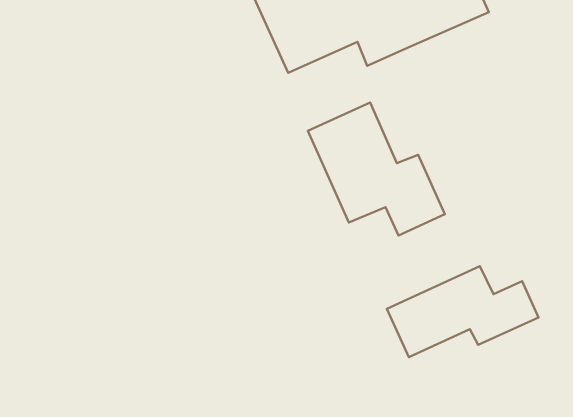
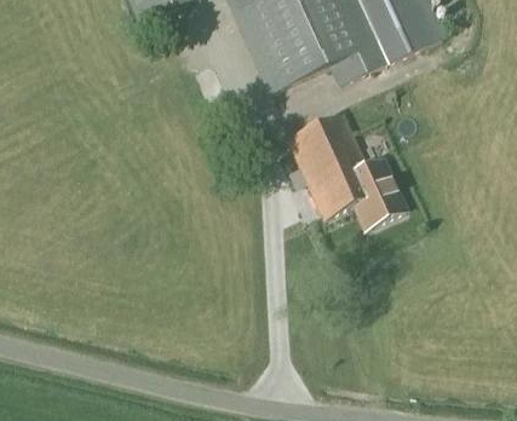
building: [387,266,539,357] -> none

